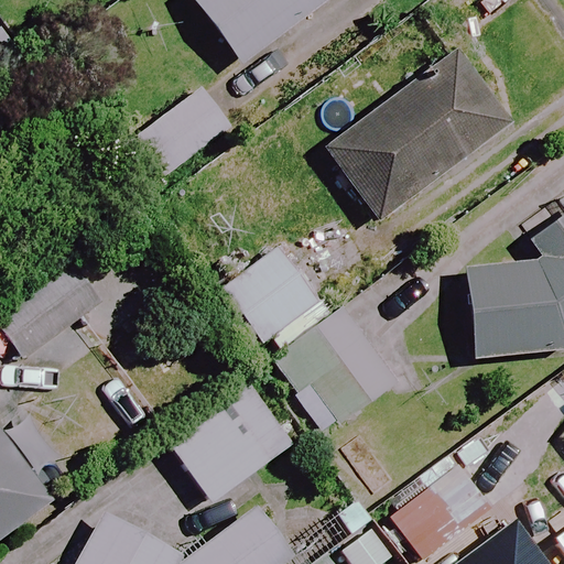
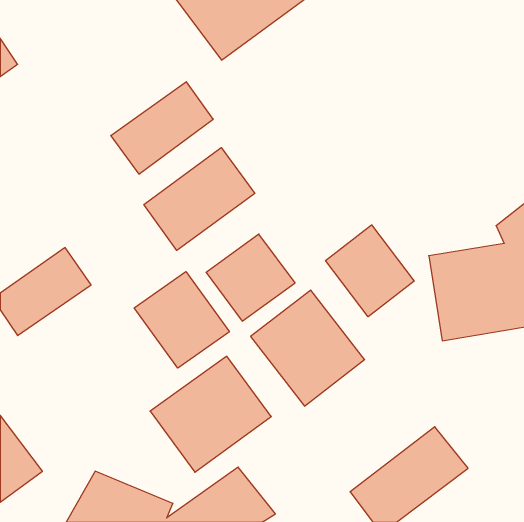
building: [326,55,507,221] -> none
building: none -> [144,148,255,250]
building: none -> [326,225,414,317]
building: none -> [134,272,229,368]

